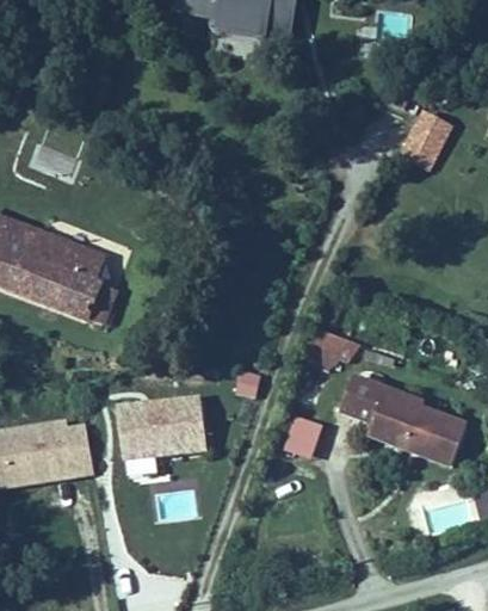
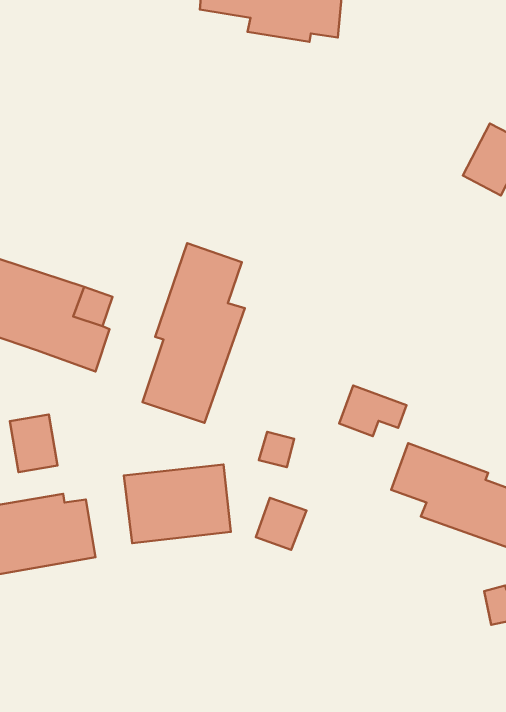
building: none -> [142,243,245,423]
building: none -> [10,414,57,472]
building: [280,414,323,458] -> [256,498,307,550]

